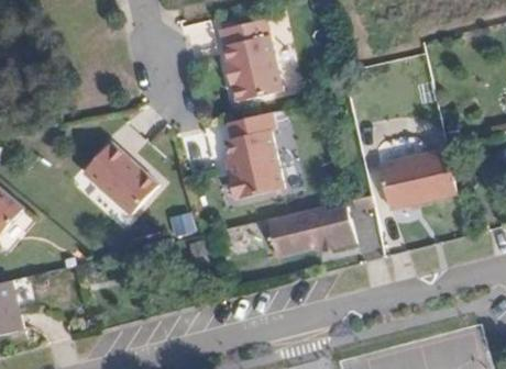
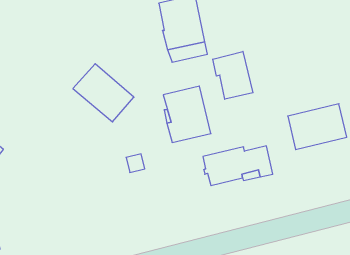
building: none -> [213,51,253,99]
building: [81,143,157,215] -> [73,64,134,122]

